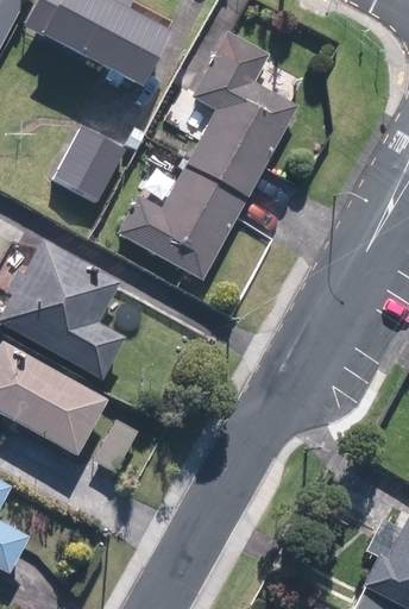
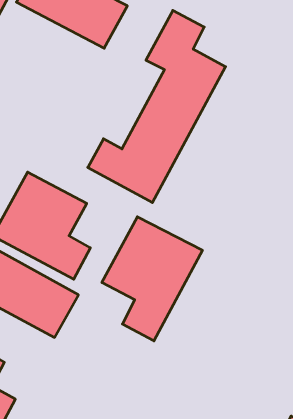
building: [56,127,124,200] -> none
building: none -> [102,217,202,341]

